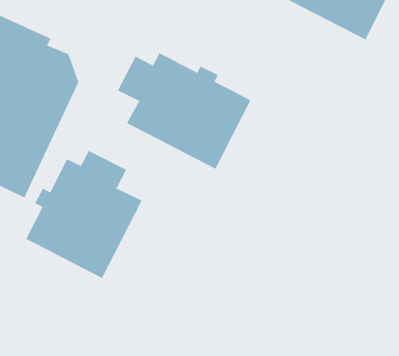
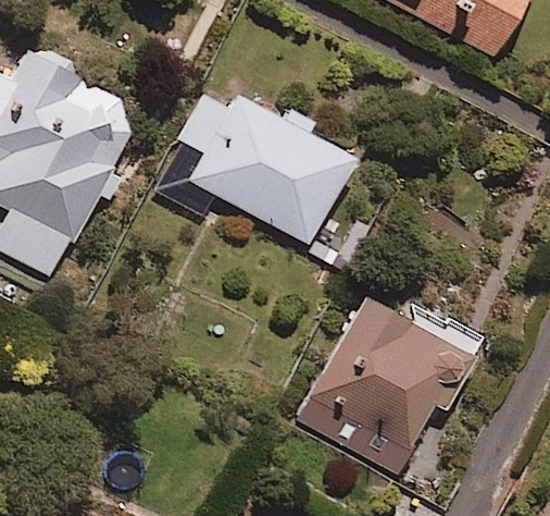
building: [26,150,143,279] -> none
building: none -> [299,288,480,480]

